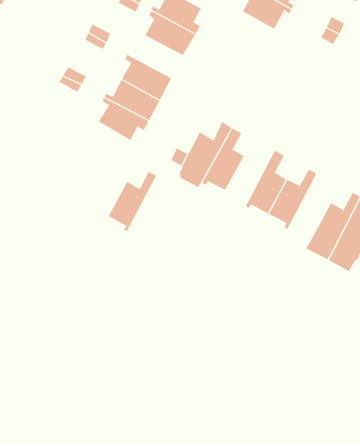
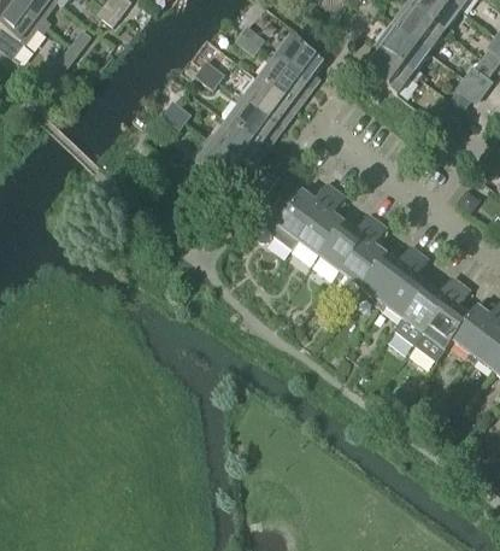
building: none -> [239,77,298,127]
building: [108,171,157,232] -> [320,212,378,272]
building: none -> [380,250,429,316]

